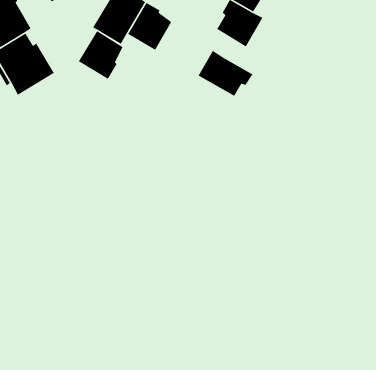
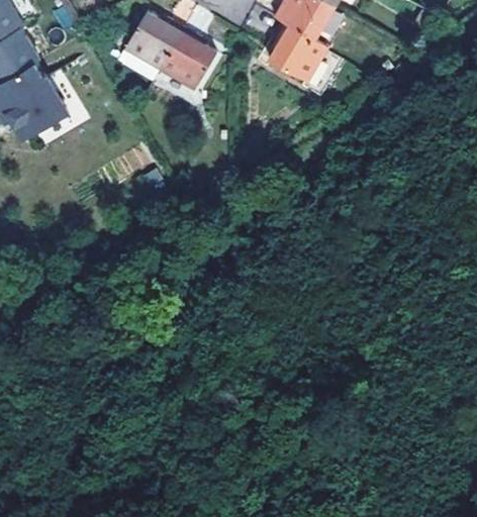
building: [78,30,123,80] -> none
building: [197,50,253,97] -> none

